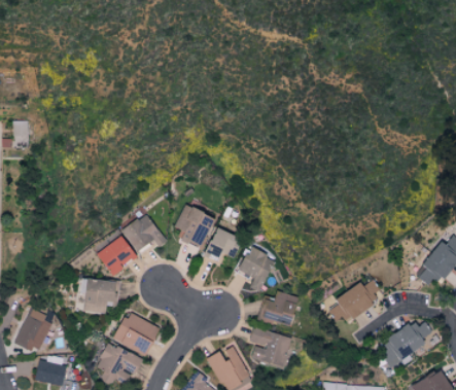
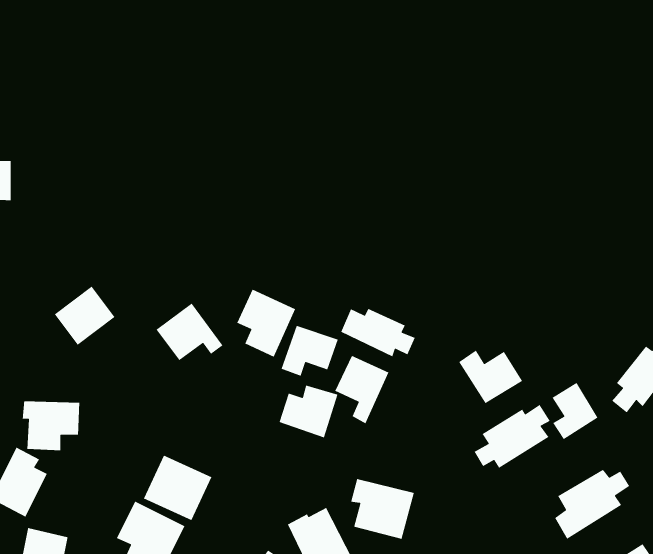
building: none -> [340,308,416,358]
building: [97,236,137,275] -> [54,286,115,346]
building: none -> [458,350,523,404]
building: none -> [552,382,599,440]
building: [80,279,118,312] -> [22,401,80,451]
building: [259,290,299,325] -> [279,385,339,438]

